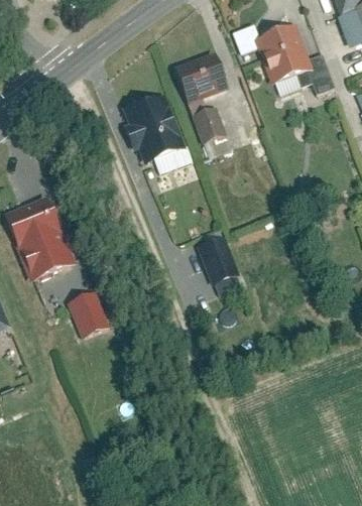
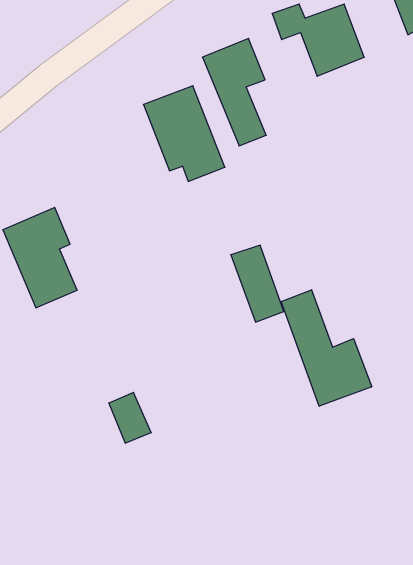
building: none -> [281,290,372,406]
building: [69,294,105,338] -> [109,392,151,443]

